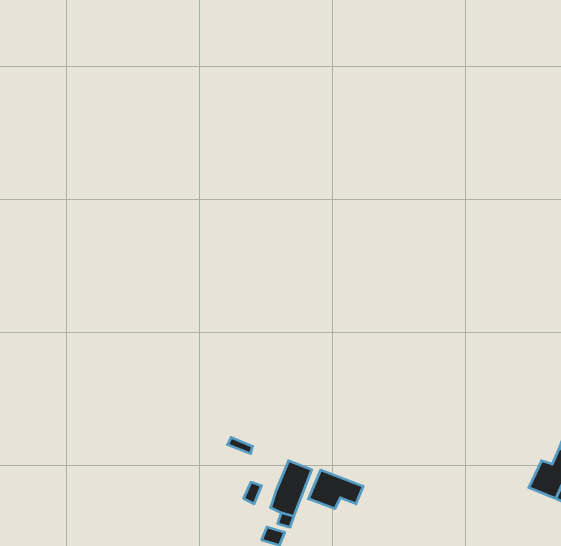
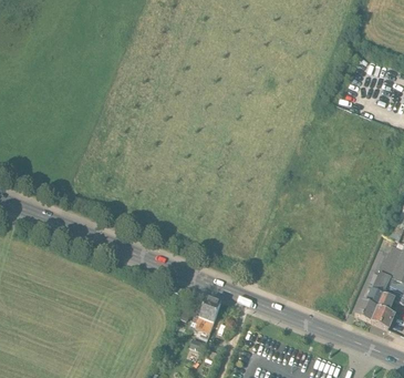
building: [308,470,363,509] -> none

